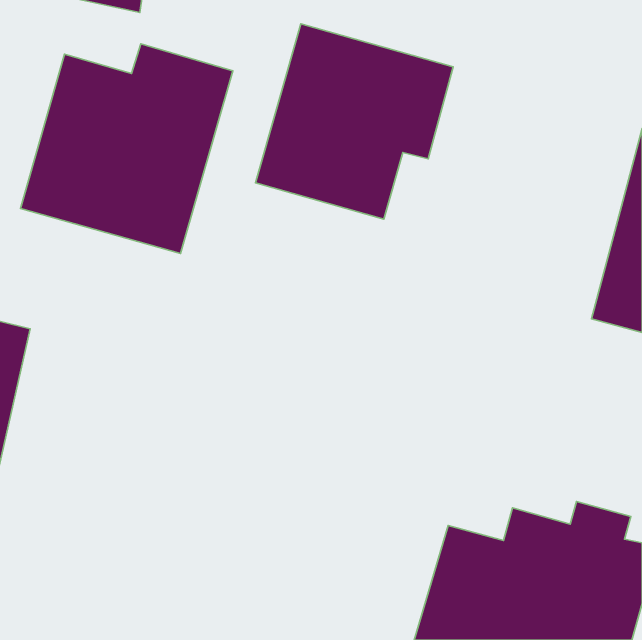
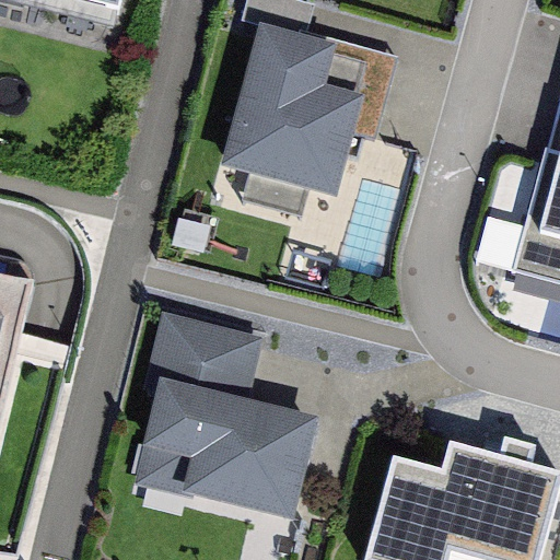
building: [21,44,233,254] -> none
building: none -> [135,316,318,527]

